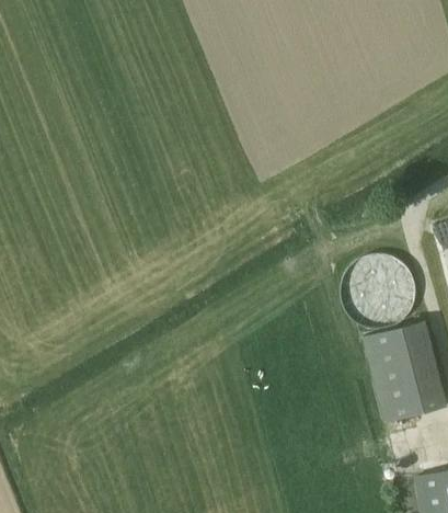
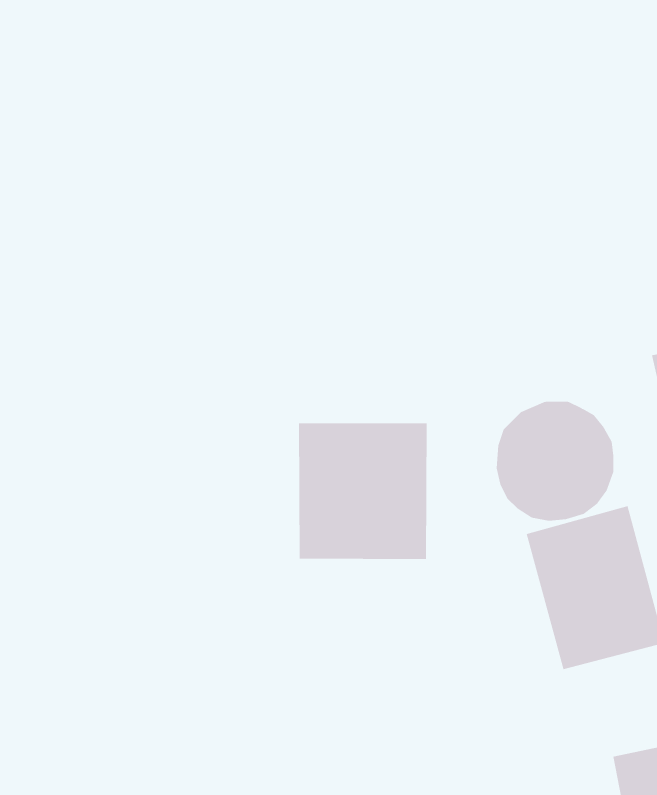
building: none -> [298,422,427,560]

